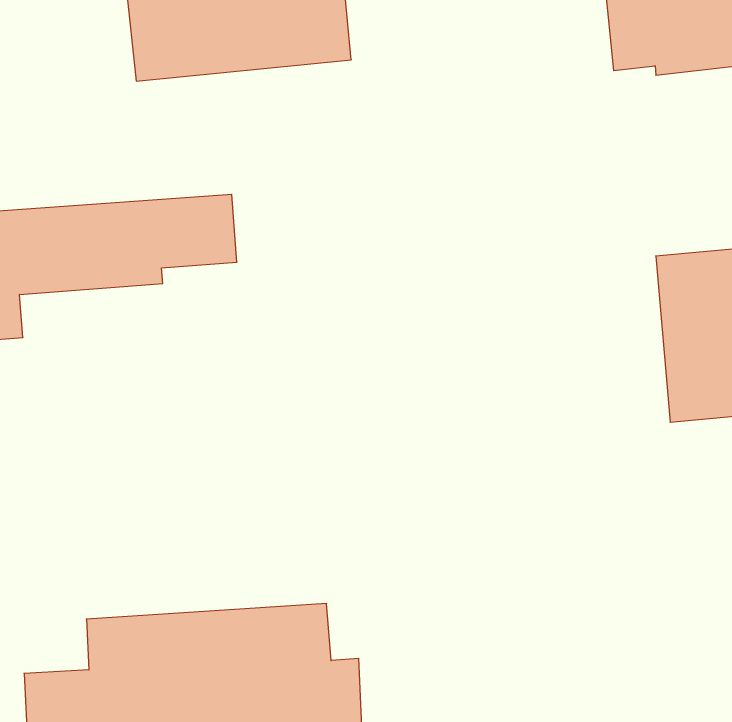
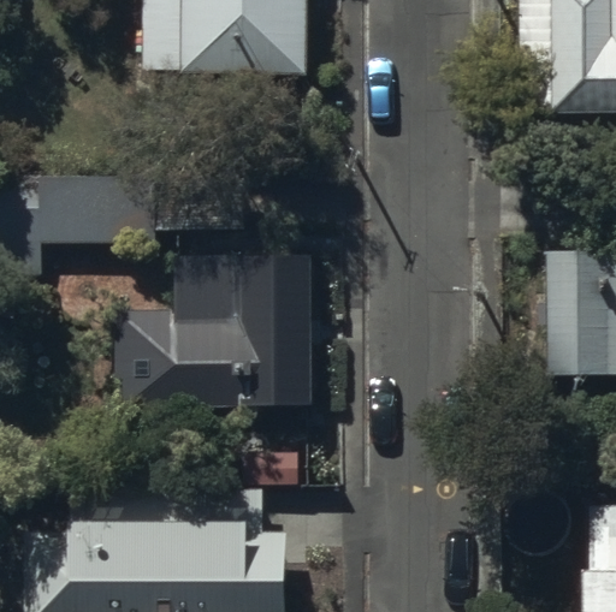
building: none -> [117,254,312,404]

